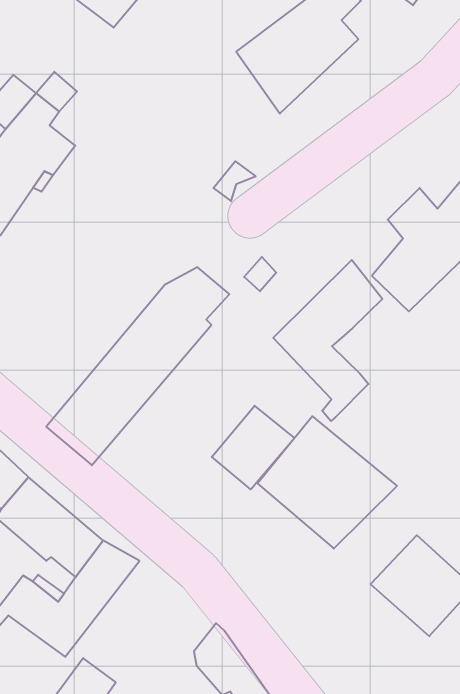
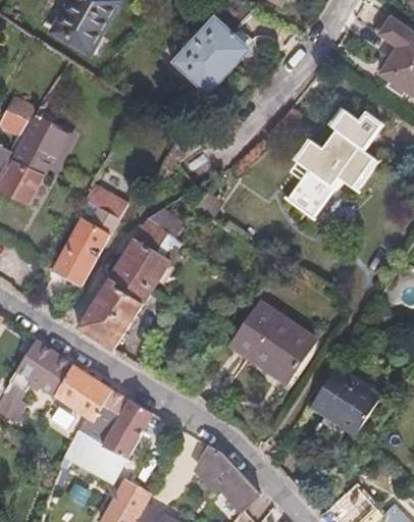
building: none -> [51,176,128,288]
building: [273,260,382,421] -> none
building: [212,406,295,489] -> none

